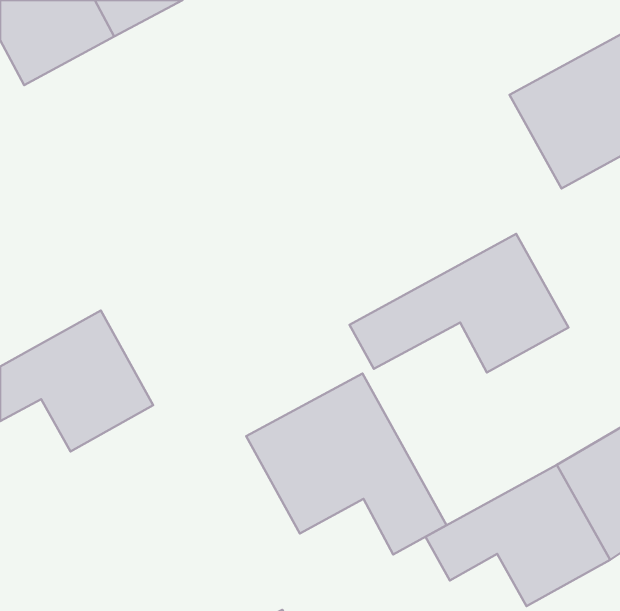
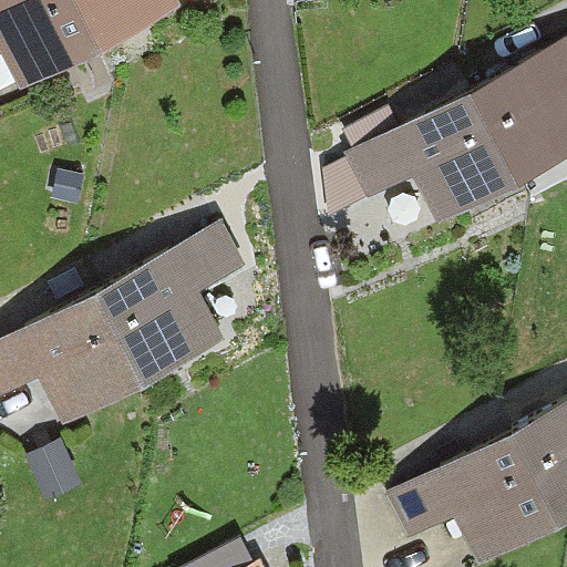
building: [350,234,568,372] -> [313,96,513,223]
building: none -> [93,224,245,379]
building: [246,374,447,554] -> none

